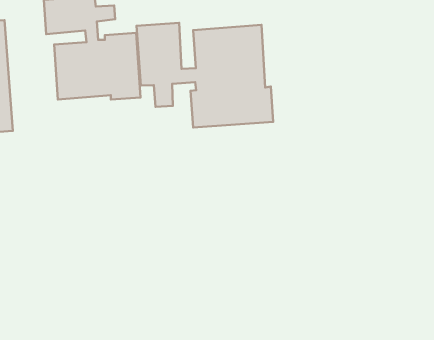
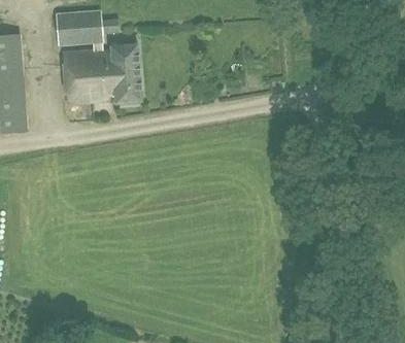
building: [136,23,273,128] -> none

